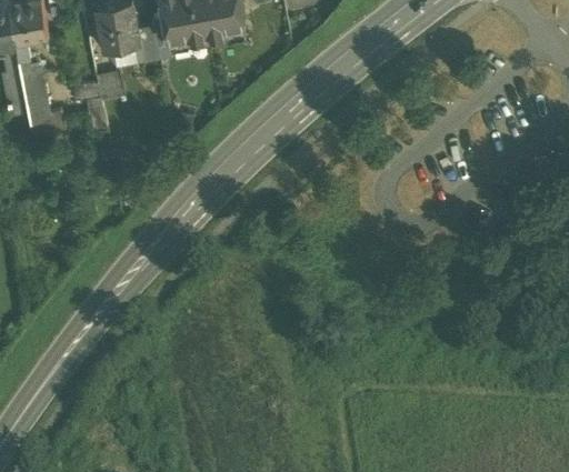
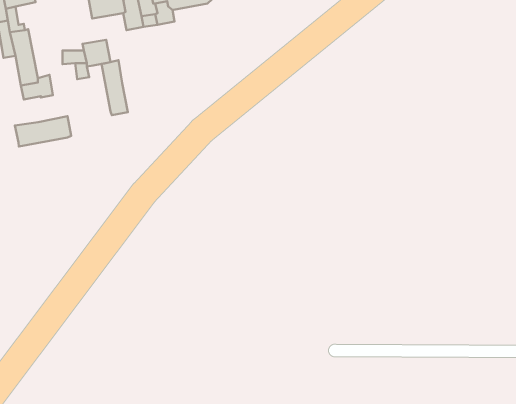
building: none -> [101,60,128,115]
building: none -> [15,116,71,146]

